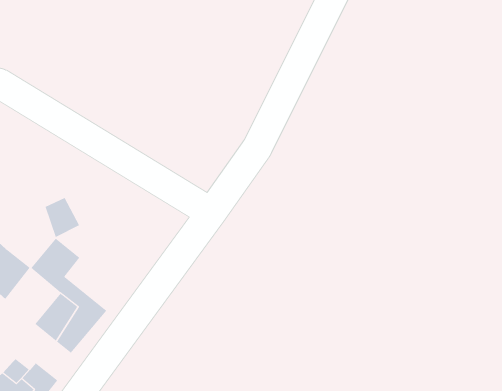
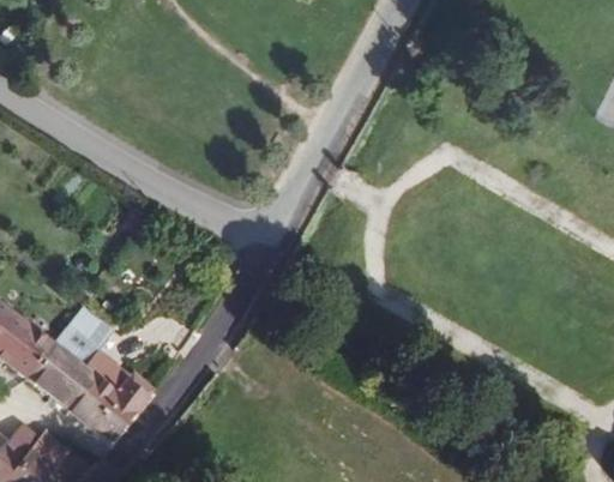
building: [45,197,80,238] -> none
building: none -> [8,324,74,391]

